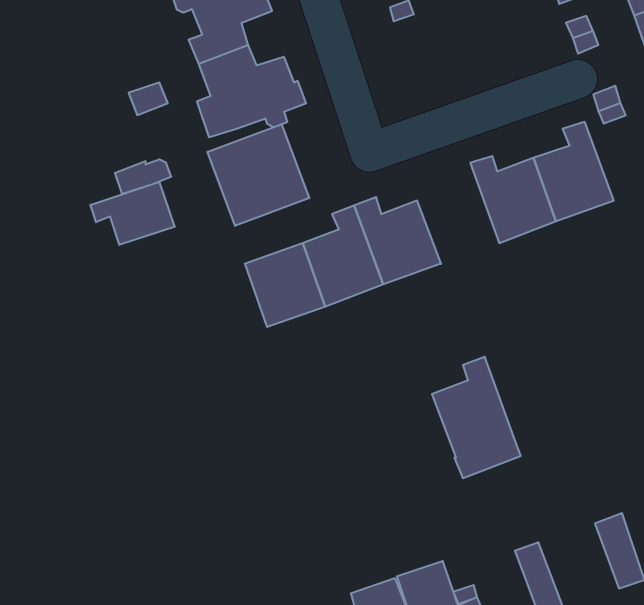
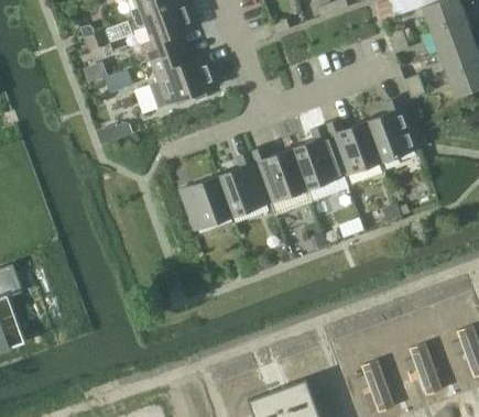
building: [207,124,309,226] -> none
building: [90,182,175,245] -> none
building: [432,357,521,478] -> [292,124,349,202]

